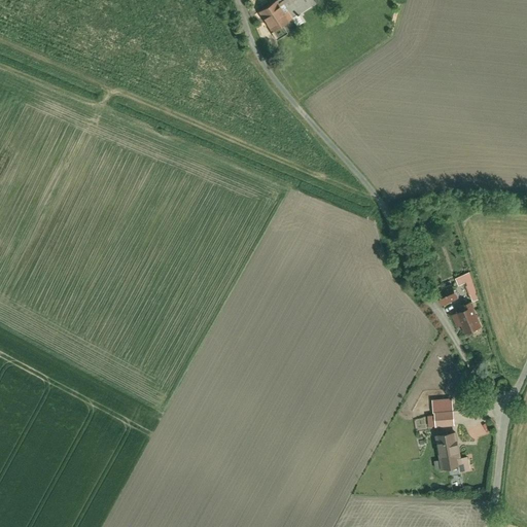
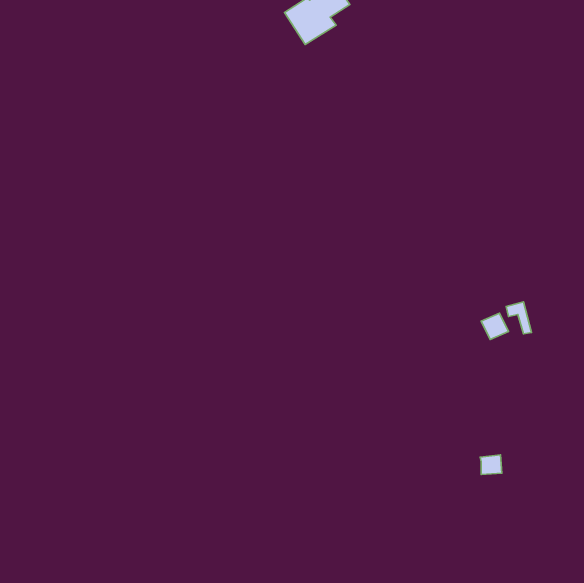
building: [451,302,481,335] -> none
building: [435,431,468,470] -> none

